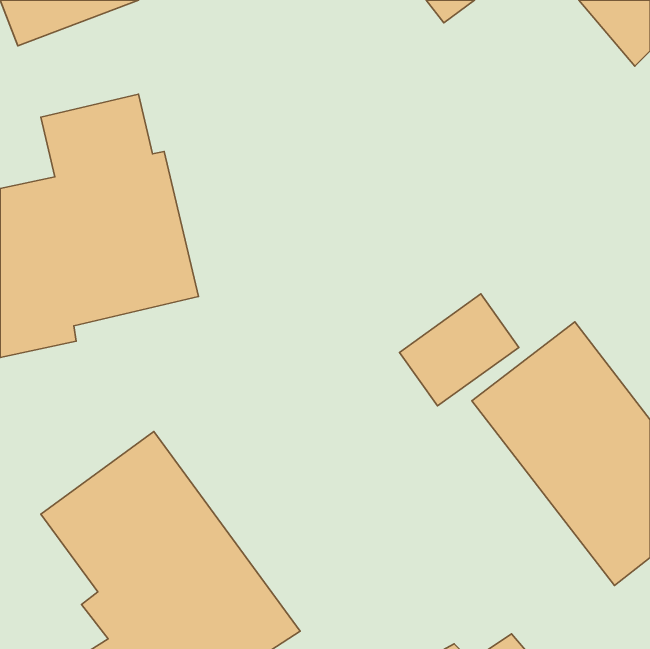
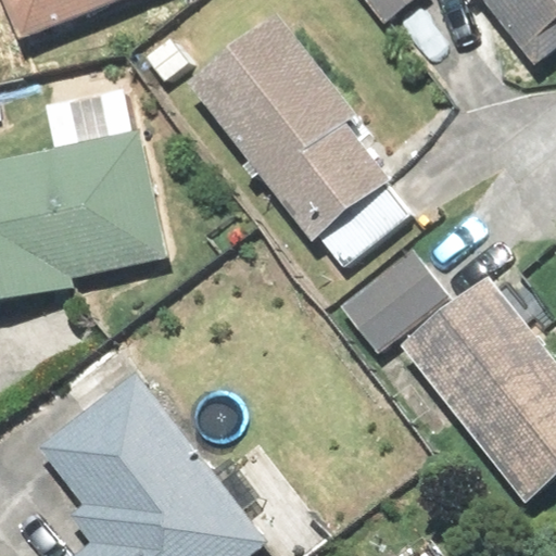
building: none -> [193,25,402,262]

